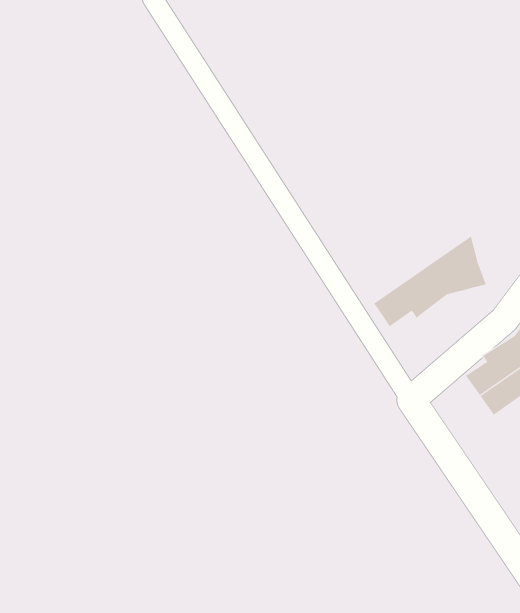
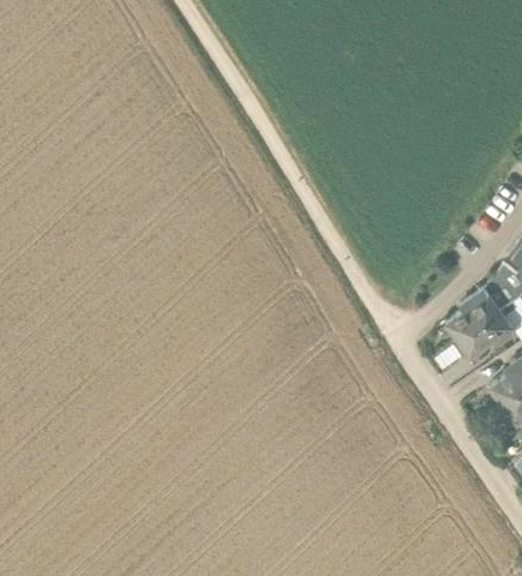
building: [374,236,486,327] -> none

